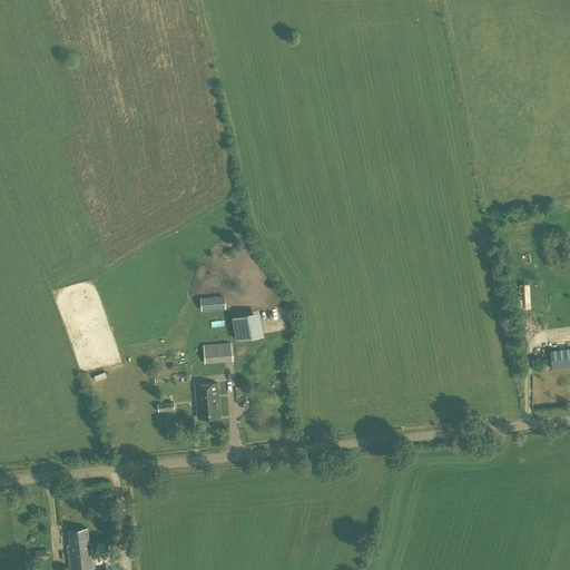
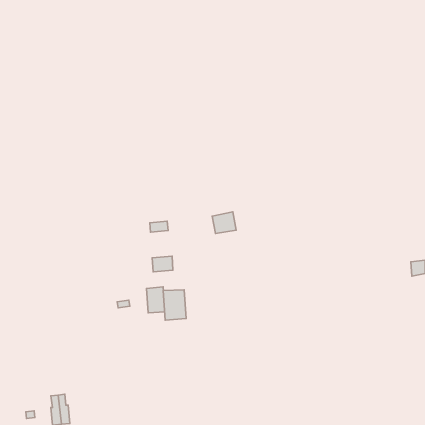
building: [232,312,264,341] -> [212,212,236,234]
building: none -> [163,290,186,320]

